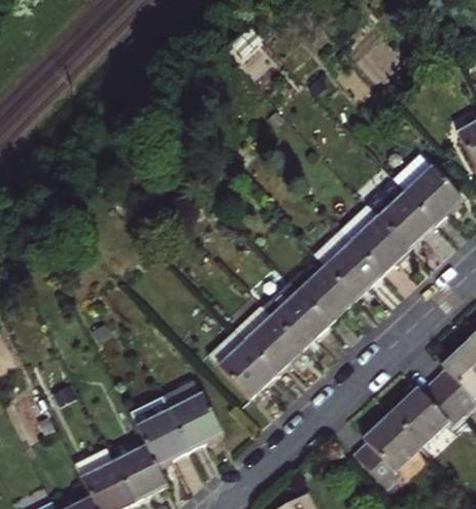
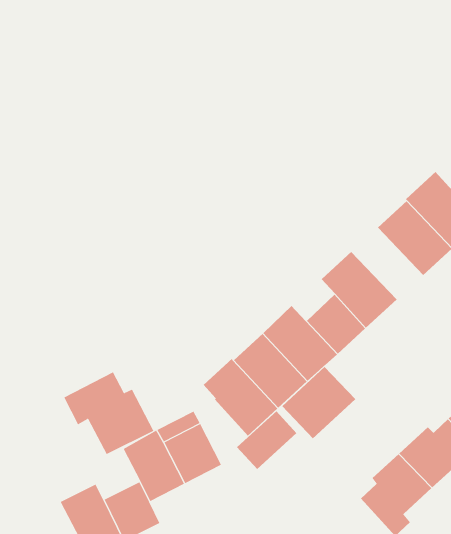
building: [343,209,409,275] -> none
building: none -> [281,366,356,439]
building: none -> [63,372,154,455]
building: none -> [236,411,297,470]

